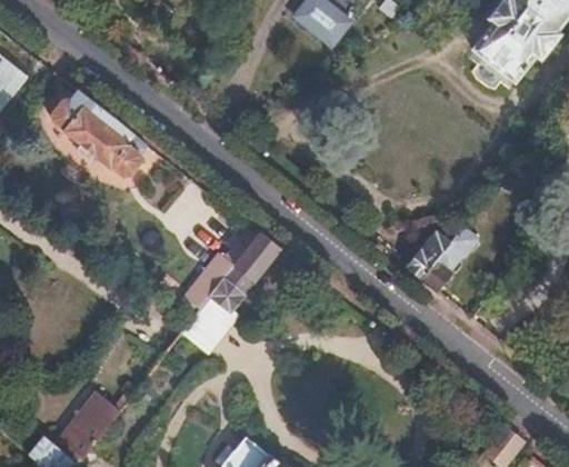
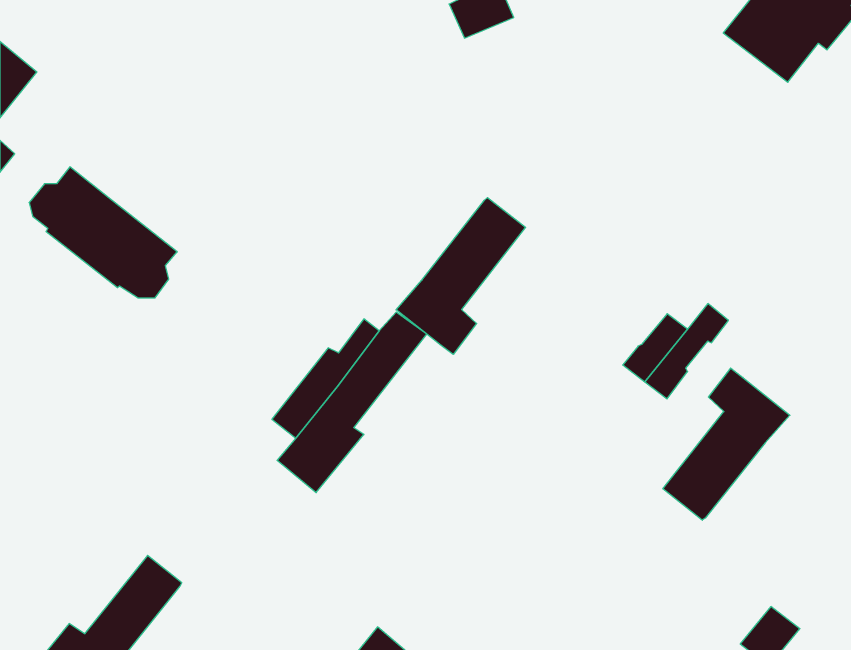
building: [51,88,148,173] -> [29,167,177,298]
building: none -> [396,198,526,354]
building: none -> [663,368,790,520]

